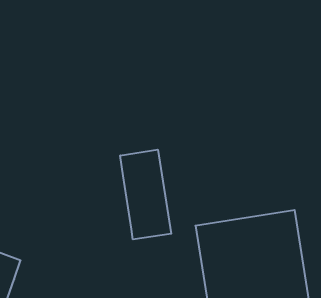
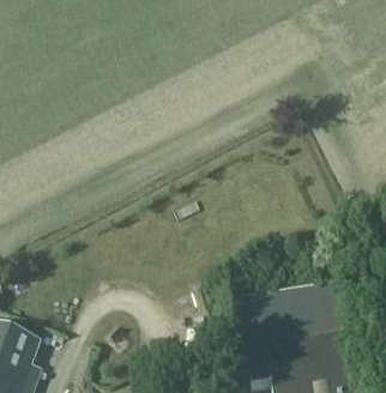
building: [120,150,171,239] -> none

